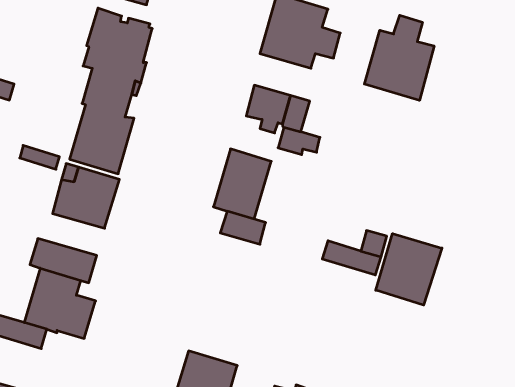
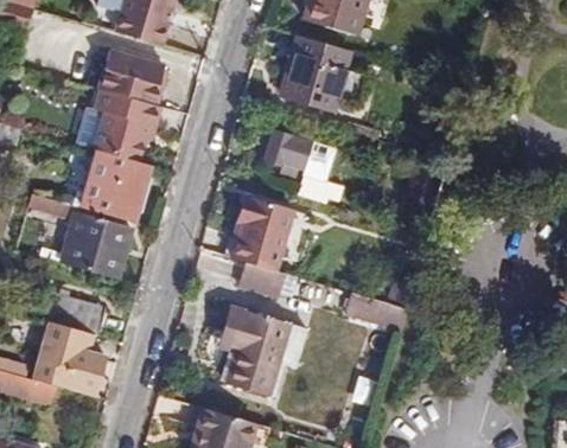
building: [364,15,434,100] -> none
building: [376,234,442,305] -> none
building: none -> [211,312,306,397]

